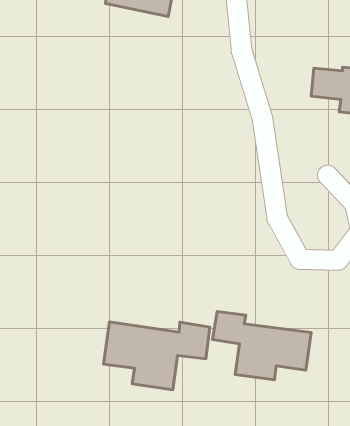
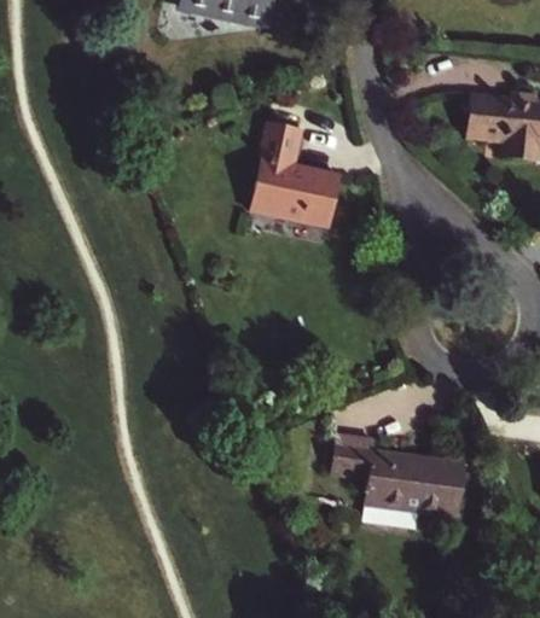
building: none -> [250,122,341,227]
building: [104,322,210,390] -> none

